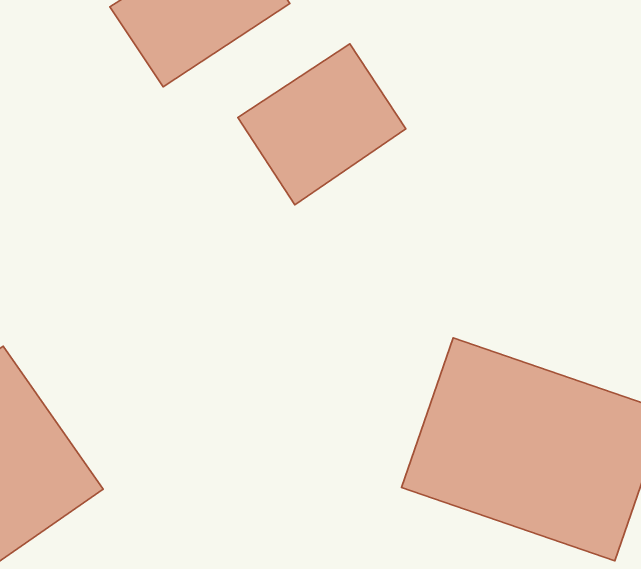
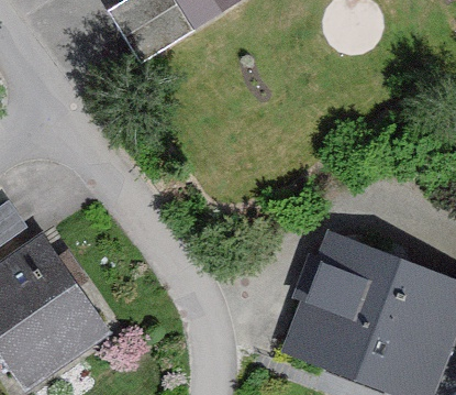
building: [238,44,406,205] -> none

